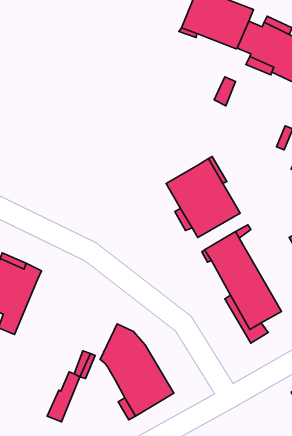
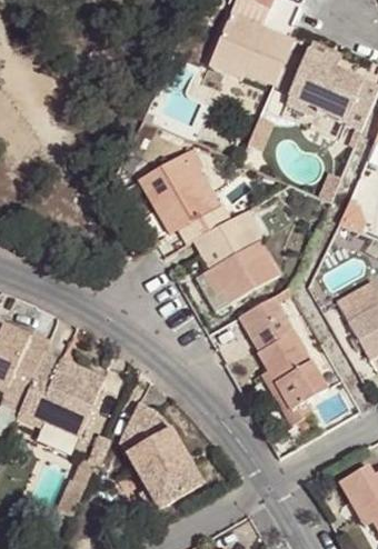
building: none -> [139,149,231,243]
building: none -> [18,351,106,437]

